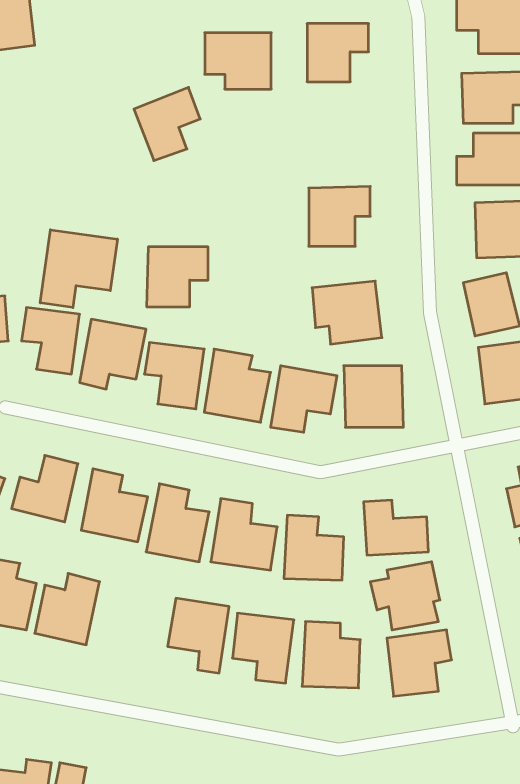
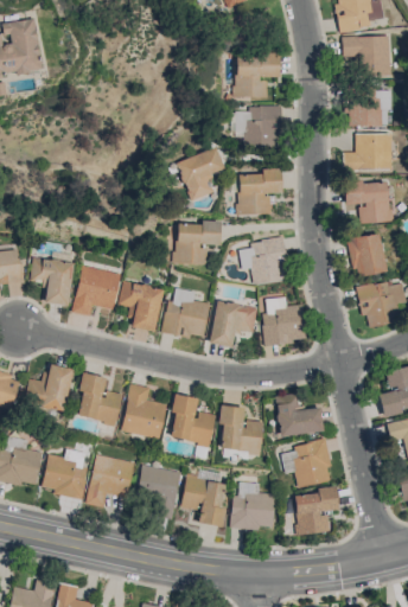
building: [205,33,271,89] -> [234,107,281,147]
building: [134,87,200,161] -> [177,147,224,199]
building: [40,230,117,308] -> none
building: [147,247,208,307] -> [176,221,219,263]
building: none -> [89,455,134,504]

